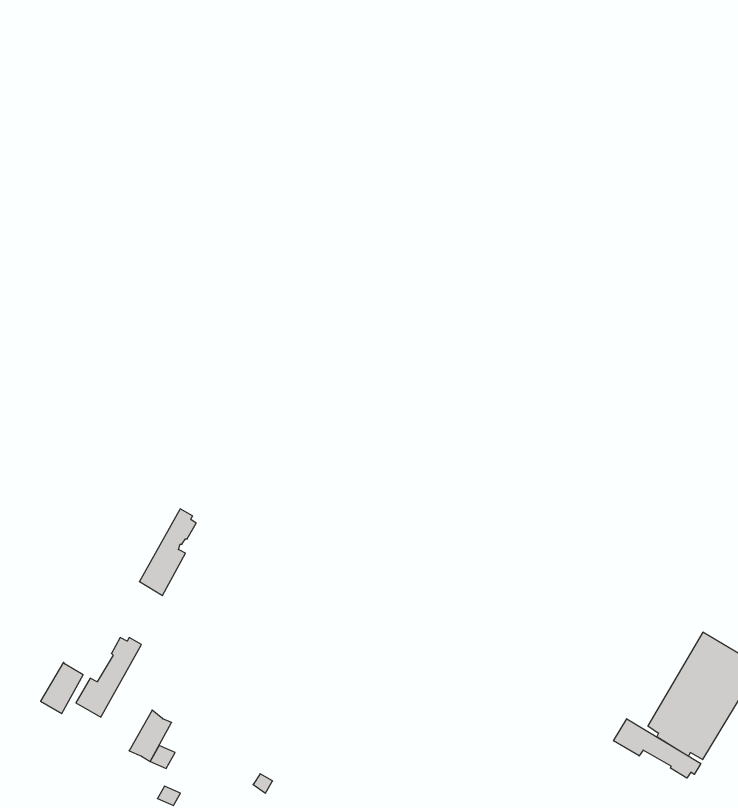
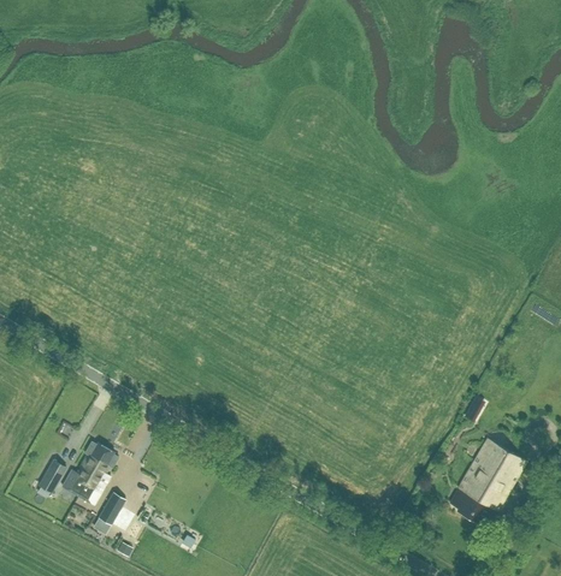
building: [139,509,196,596] -> [78,446,117,505]
building: [614,719,701,778] -> none

